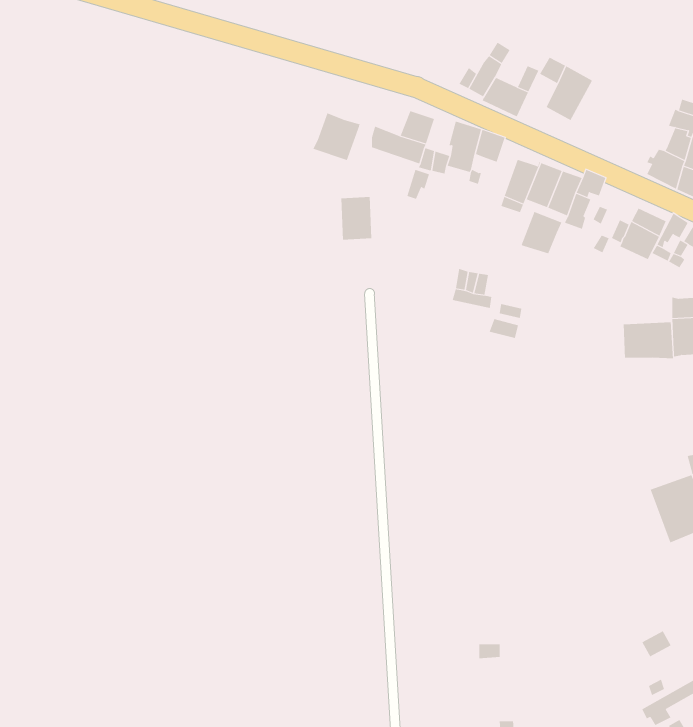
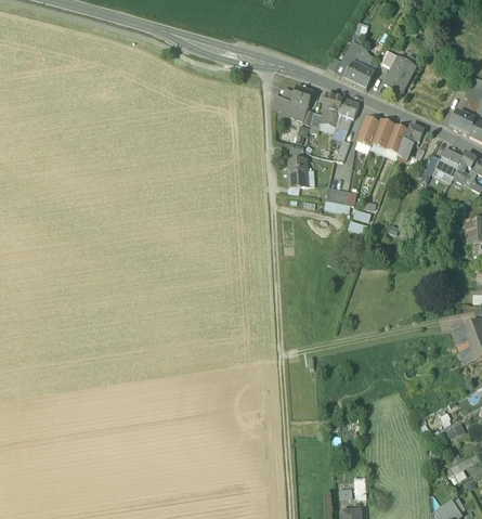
building: [313,112,360,161] -> none
building: [340,197,372,240] -> [287,159,308,187]
building: [521,211,562,254] -> none
building: [623,322,673,359] -> none

